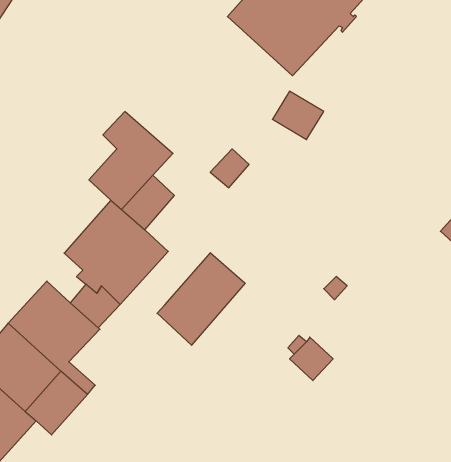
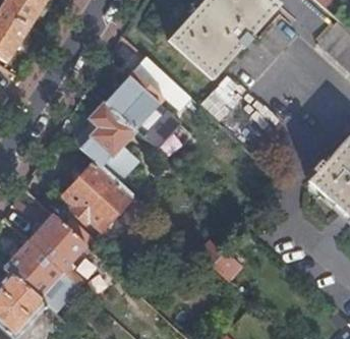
building: none -> [103,55,190,129]
building: [157,253,245,345] -> none

